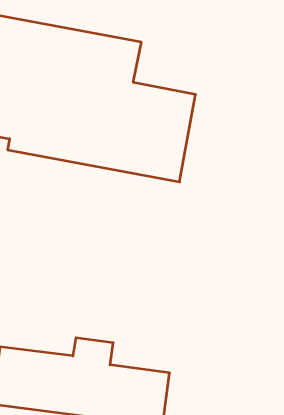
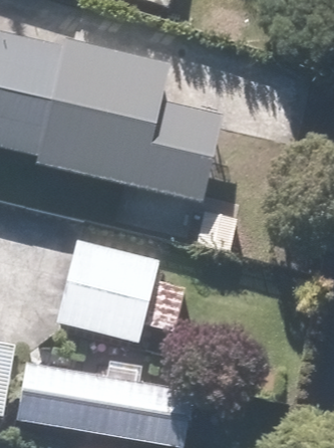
building: none -> [51,240,178,343]

